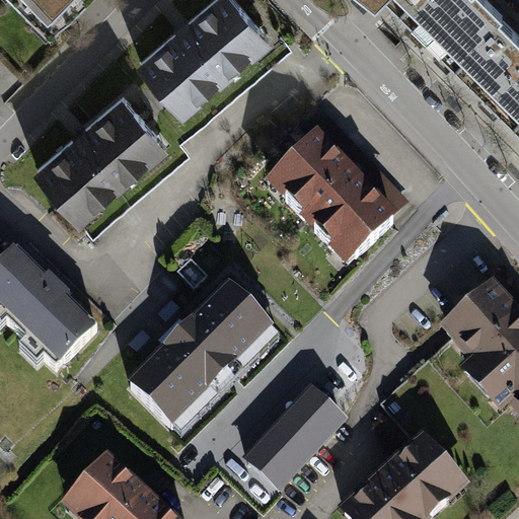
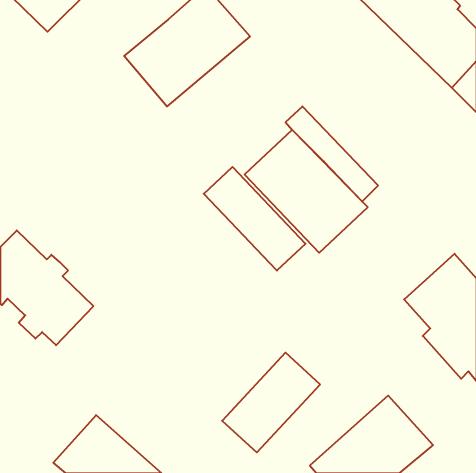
building: [32,93,168,224] -> none
building: none -> [204,167,306,271]
building: [125,279,273,426] -> none

